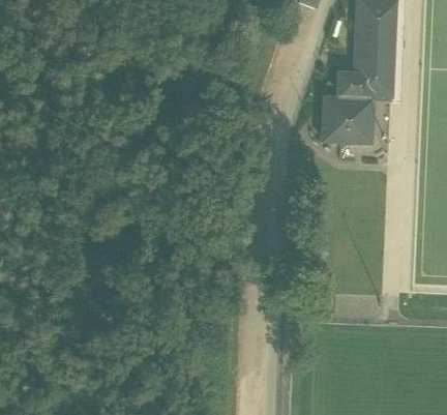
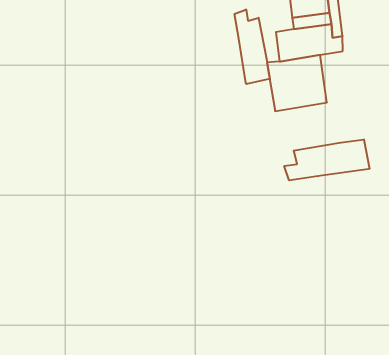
building: none -> [235,9,270,84]
building: none -> [284,139,370,180]

